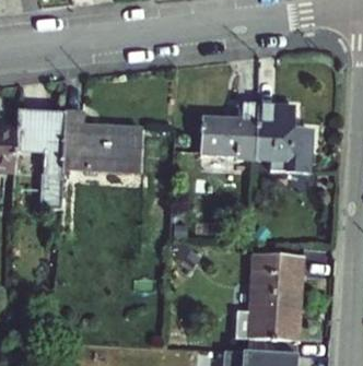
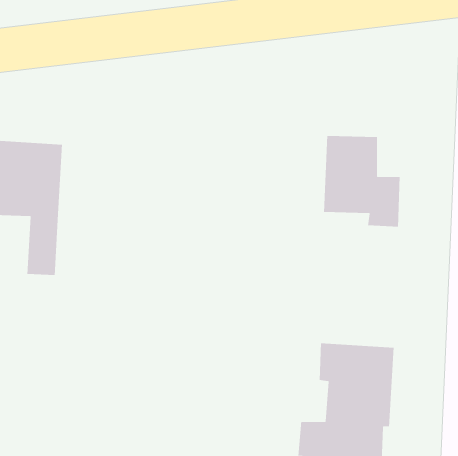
building: [202,104,257,161] -> none
building: [63,111,140,172] -> none

